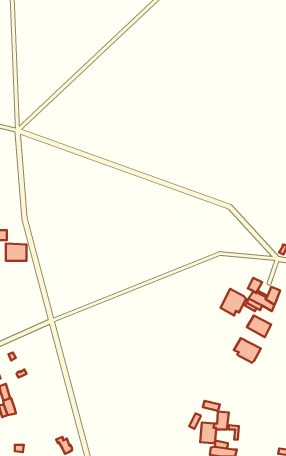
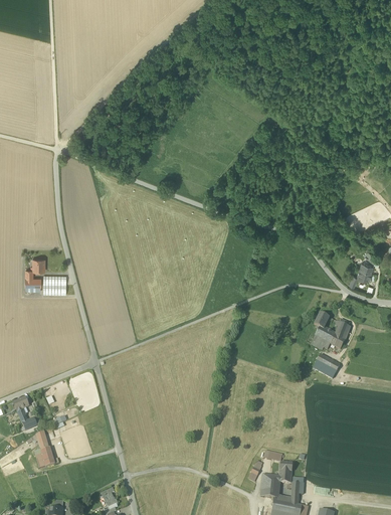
building: [220,289,246,315] -> none
building: [234,338,261,363] -> none

